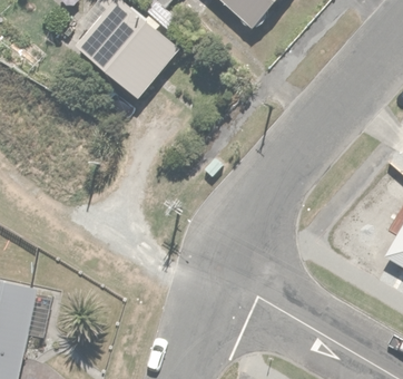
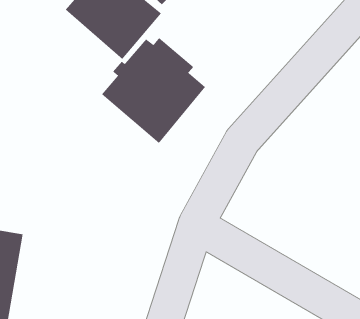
building: none -> [101,37,206,144]

